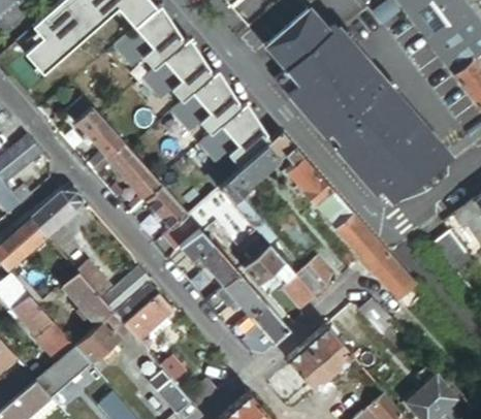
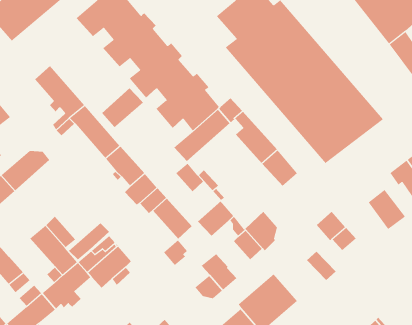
building: [188,188,234,232] -> [101,87,144,128]
building: [336,216,391,272] -> none
building: [224,273,265,317] -> none

